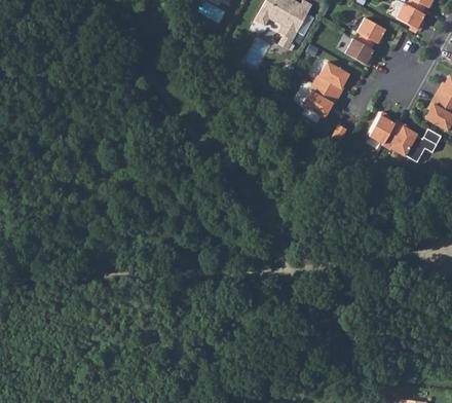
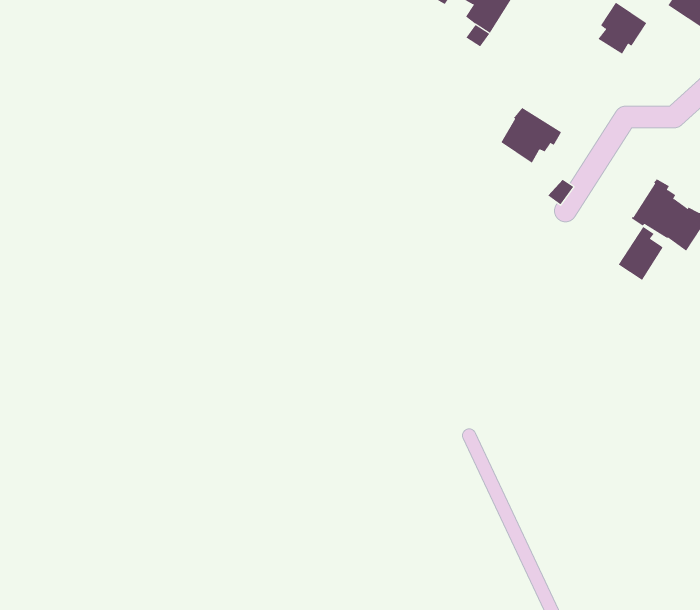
building: [345,38,374,67] -> none
building: [314,62,346,97] -> none
building: [369,112,396,144] -> [618,226,664,280]

